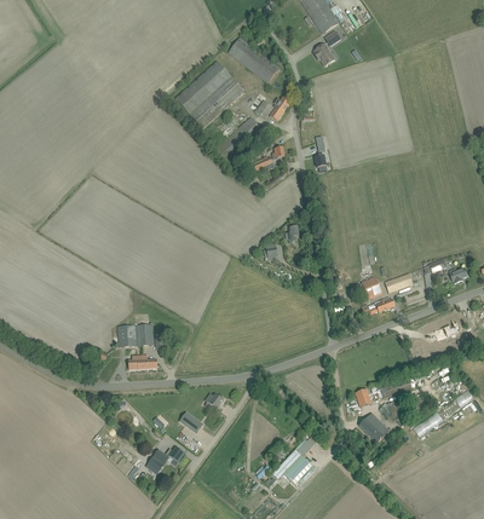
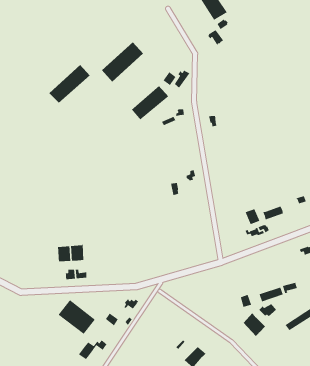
building: [227,36,280,82] -> none
building: [190,76,244,127] -> [49,64,90,103]
building: none -> [58,299,96,335]

